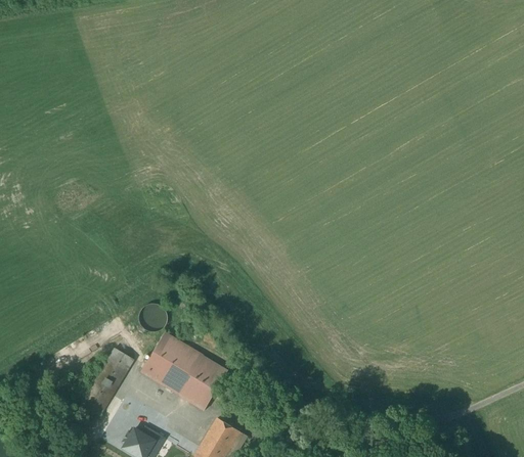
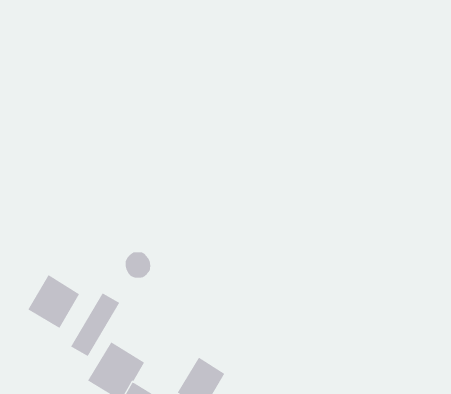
building: none -> [27,274,80,329]
building: [141,331,229,409] -> none

